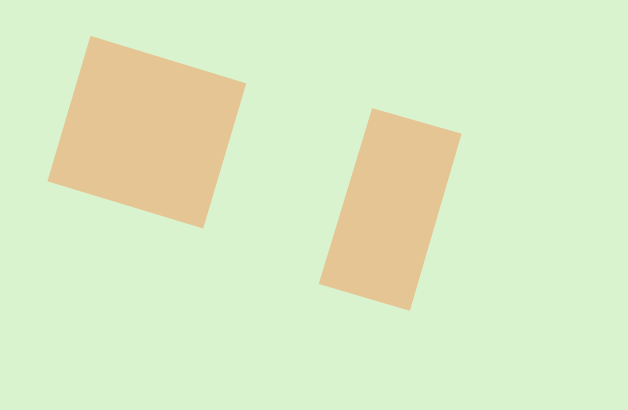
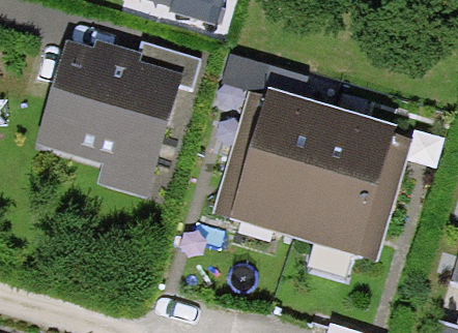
building: none -> [299,109,403,255]

